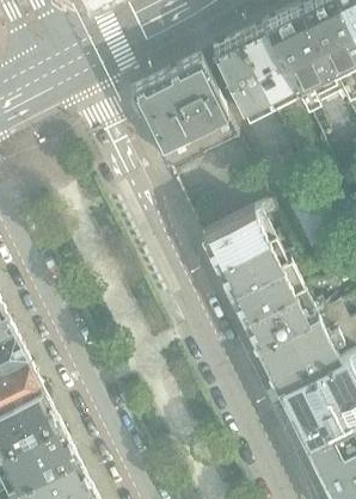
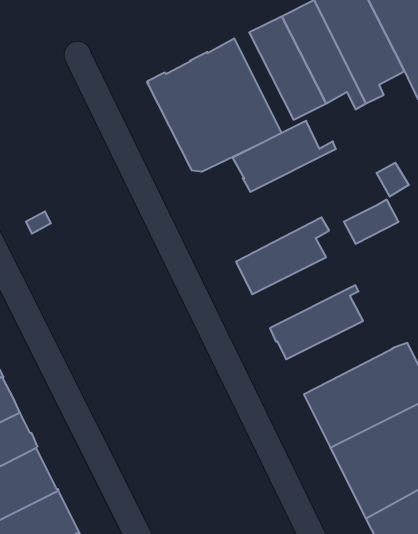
building: [215,233,299,290] -> [232,121,336,192]
building: [243,284,326,344] -> none

